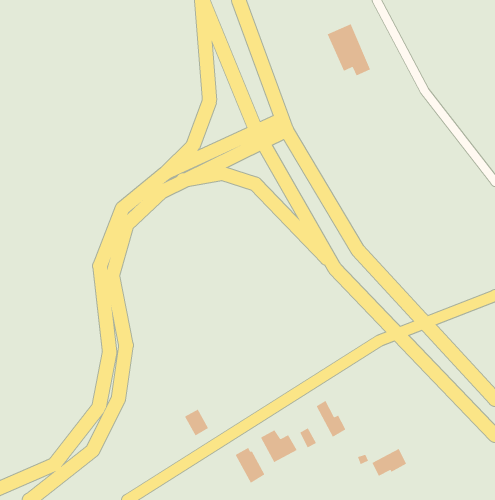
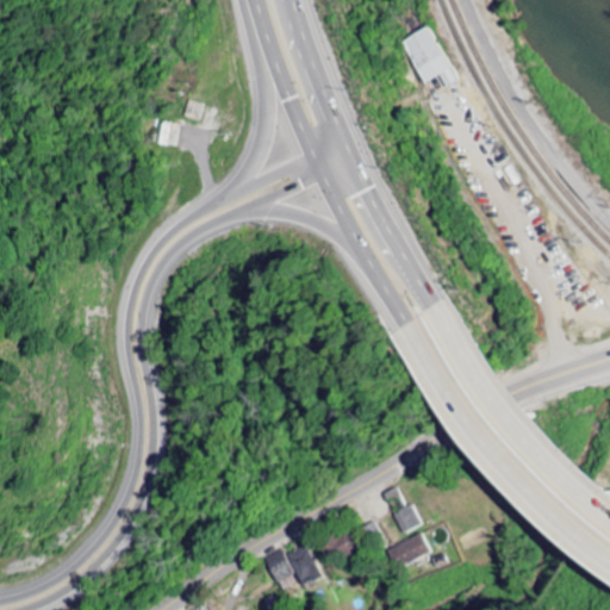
building: [184,409,209,436] -> [263,548,293,581]
building: [372,448,407,476] -> [390,533,432,567]

